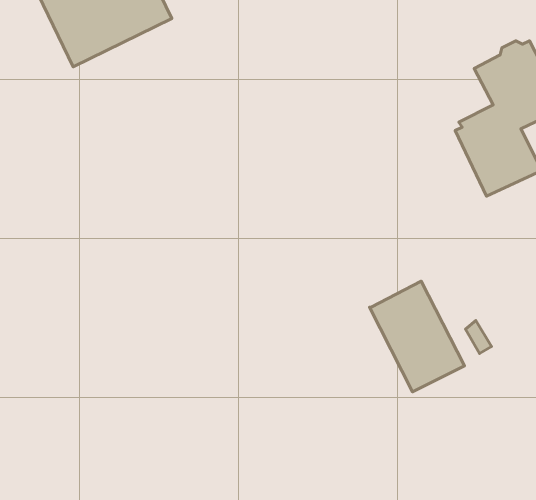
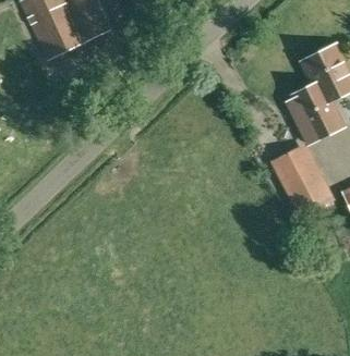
building: [369,281,465,392] -> [273,147,333,217]

